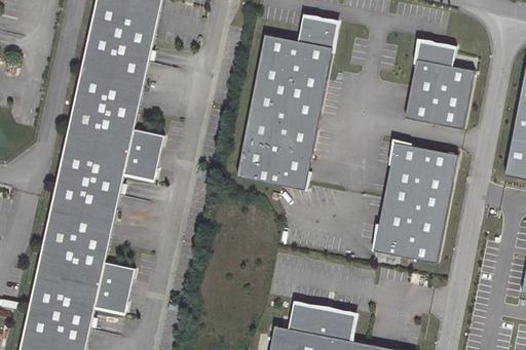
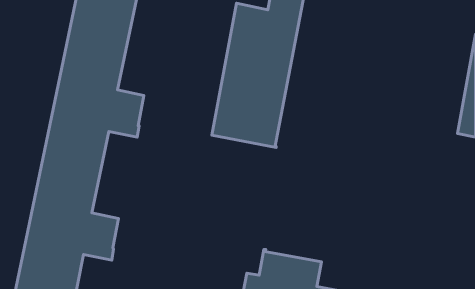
building: [405,40,474,127] -> none
building: [372,142,458,263] -> none

